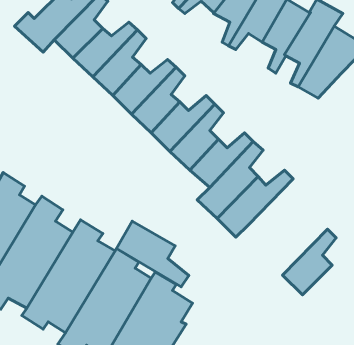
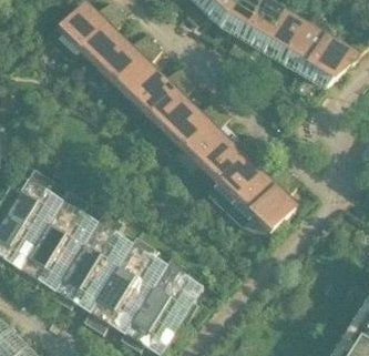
building: [116,221,189,287] -> none
building: [283,229,336,295] -> [249,172,297,231]

